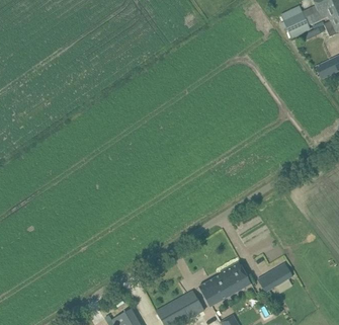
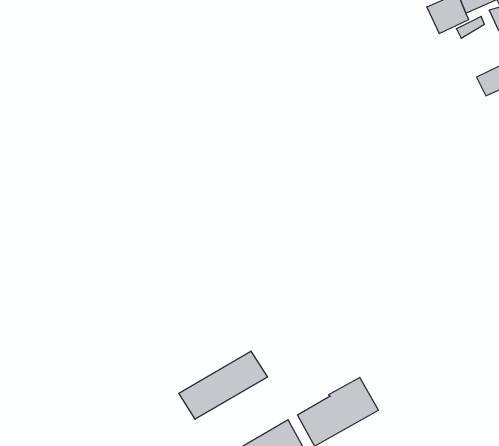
building: none -> [179,351,268,419]
building: [257,262,291,292] -> none

